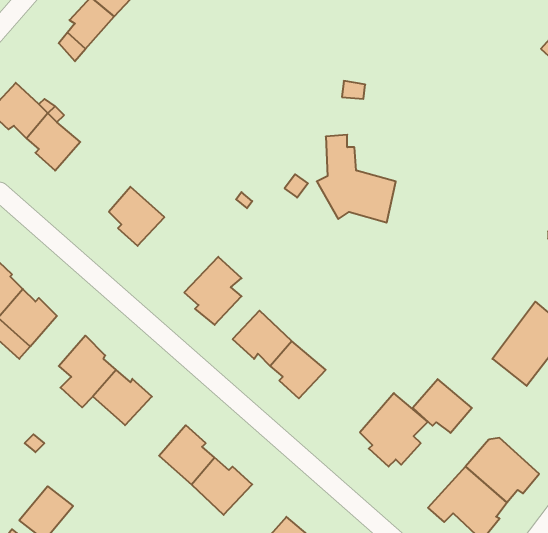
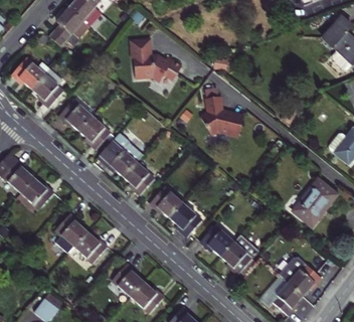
building: none -> [127,35,180,82]
building: none -> [60,100,94,131]
building: none -> [100,133,145,176]
building: [413,379,472,433] -> [201,224,234,255]

